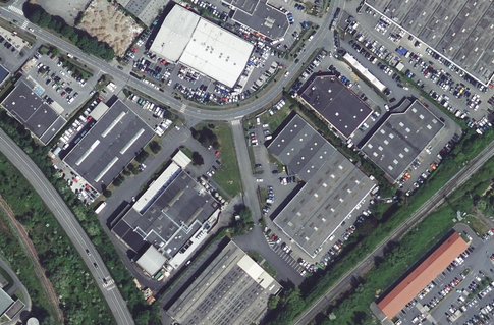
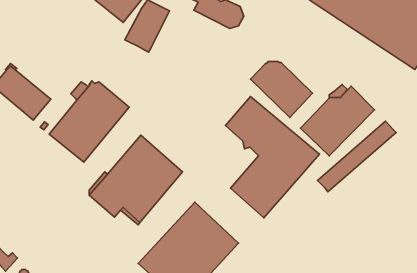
building: [179,16,258,89] -> none
building: [376,231,468,314] -> [317,121,396,192]

